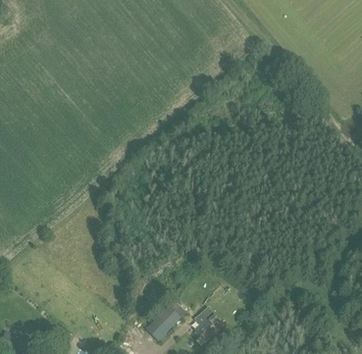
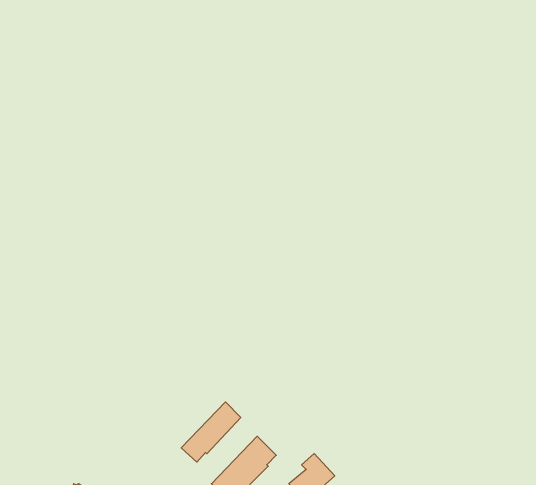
building: none -> [181,402,241,462]

